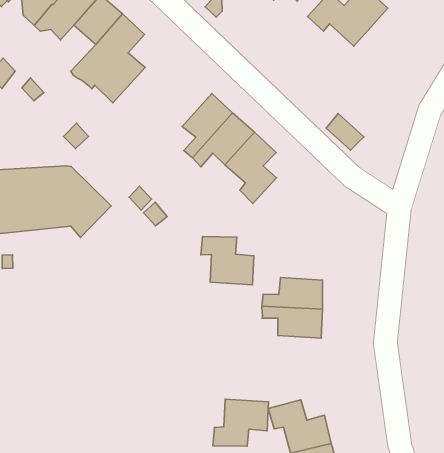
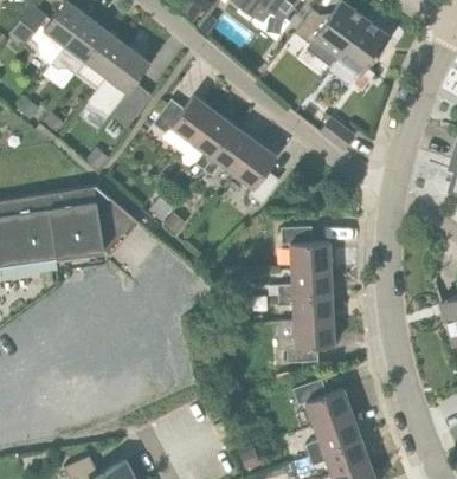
building: none -> [339,20,393,92]
building: none -> [153,96,215,143]
building: [201,237,254,285] -> [282,227,330,270]
building: [213,399,269,446] -> [288,321,335,364]

